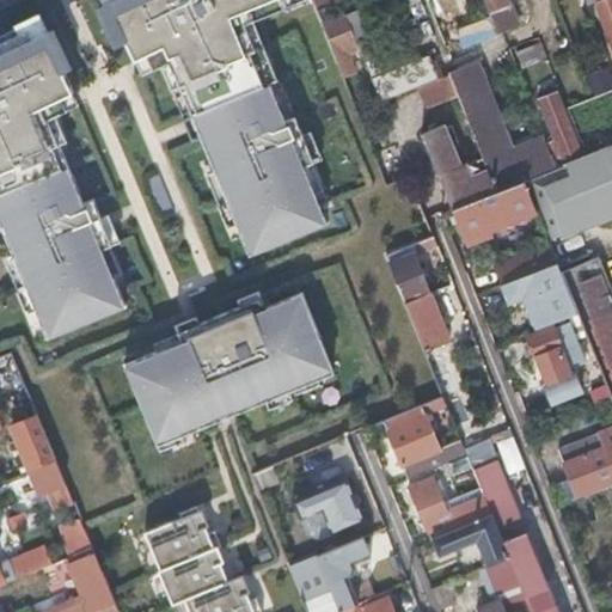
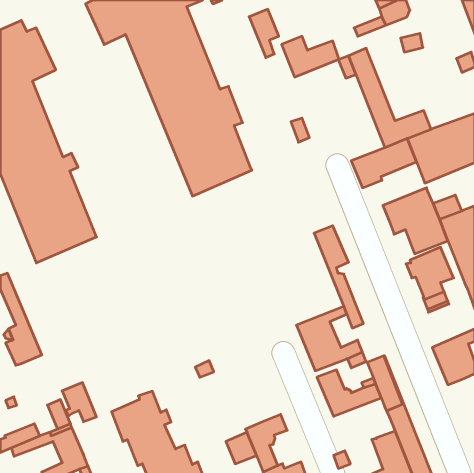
building: [539,93,582,169] -> none
building: [423,124,496,209] -> none
building: [385,237,437,302] -> none
building: [126,290,333,441] -> none
building: [29,459,73,509] -> [62,383,96,422]
building: [293,477,365,534] -> none
building: [430,514,509,567] -> none

